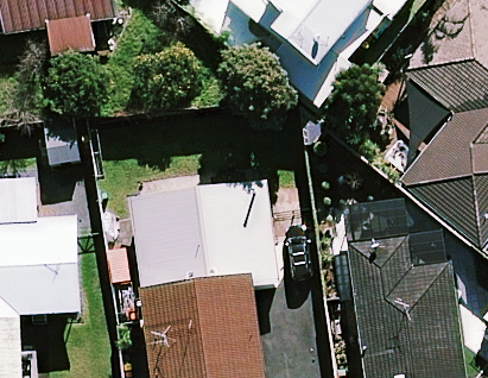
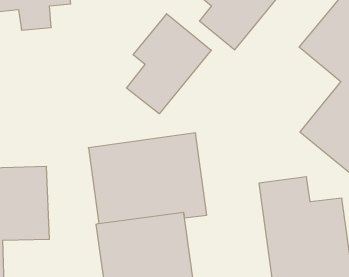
building: none -> [127,14,211,114]

